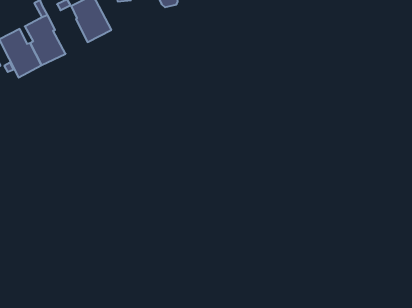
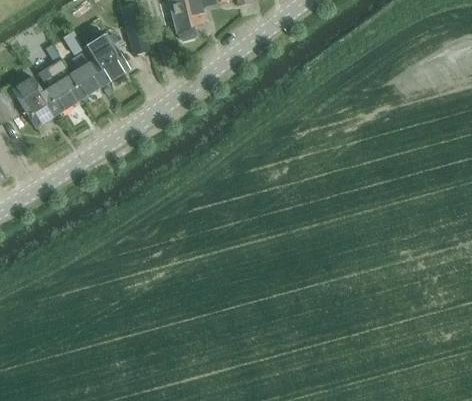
building: none -> [68,52,105,97]

